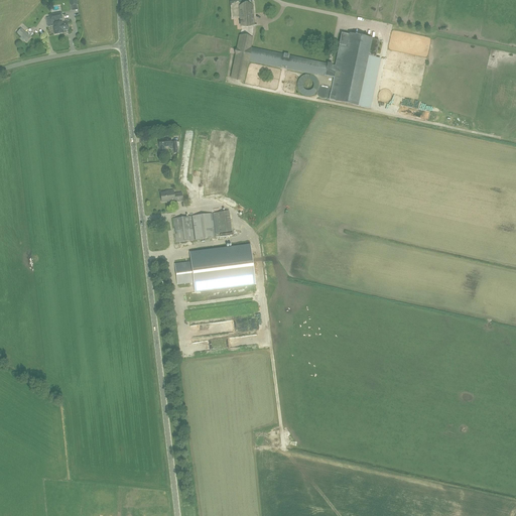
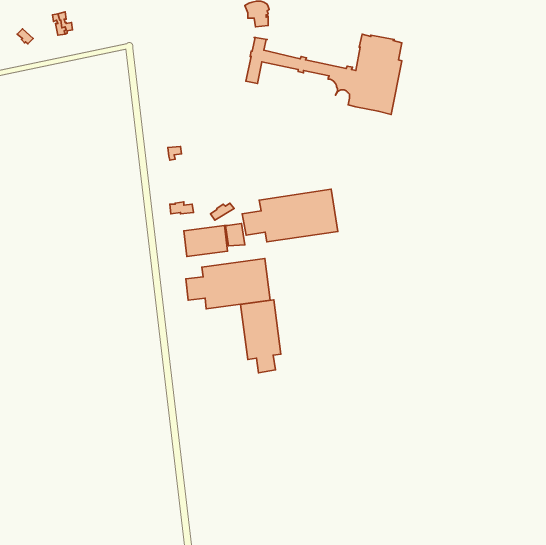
building: none -> [242,189,338,242]
building: none -> [241,300,281,373]

